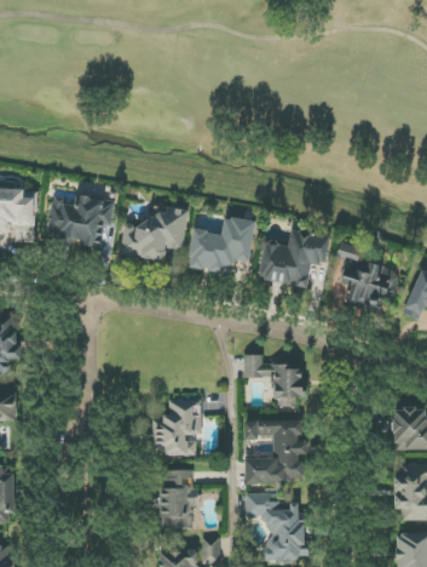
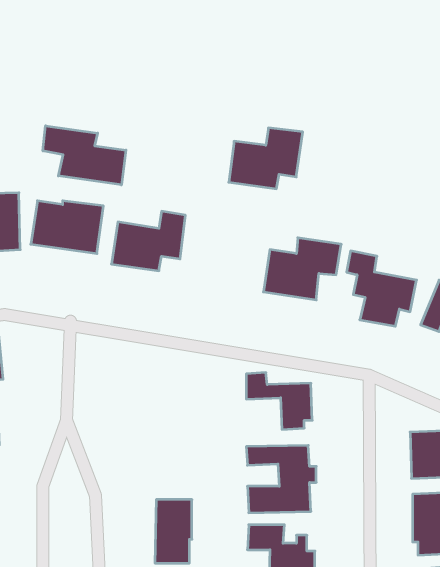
building: none -> [43,126,126,185]
building: [187,217,255,273] -> [229,128,303,189]
building: [152,399,200,456] -> none

